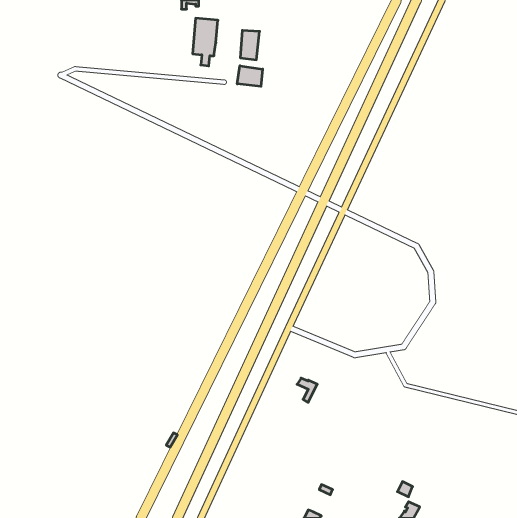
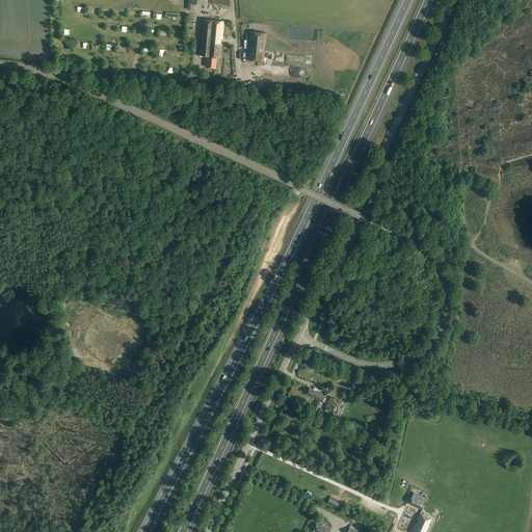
building: [237,66,263,86] -> none

